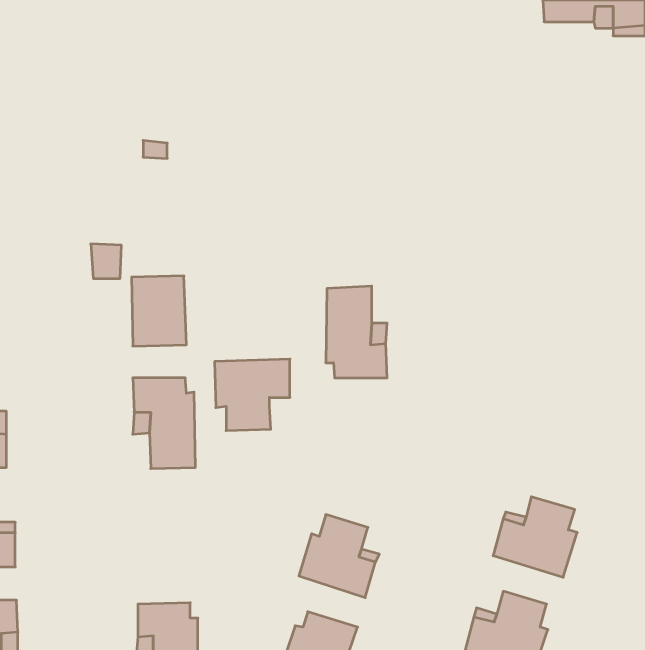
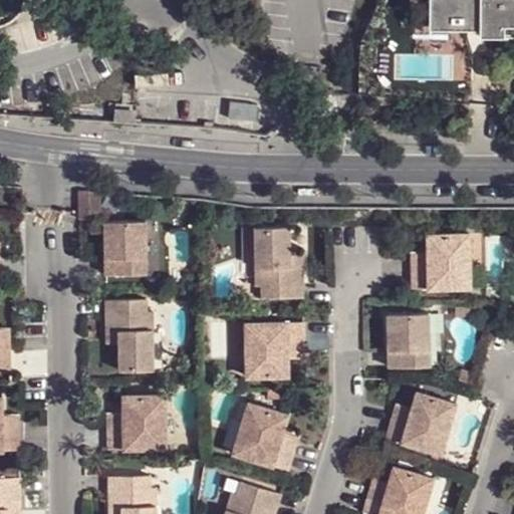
building: none -> [414,237,472,292]
building: [215,359,290,431] -> [245,322,304,378]
building: none -> [389,316,430,370]
building: none -> [106,395,165,449]

